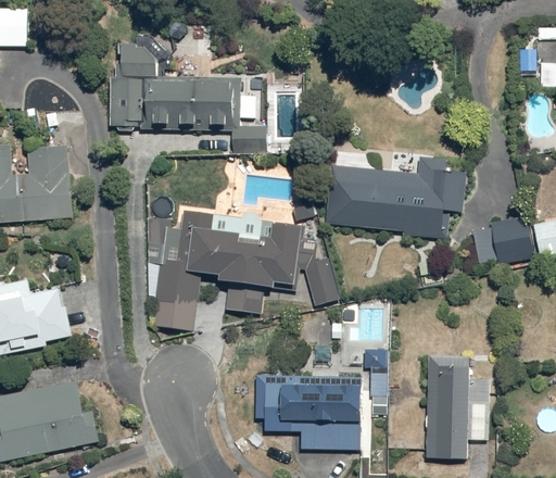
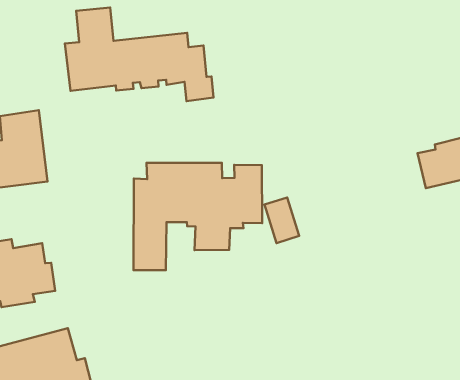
building: [326,158,462,243] -> none
building: [253,350,382,450] -> none
building: [424,354,486,461] -> none

